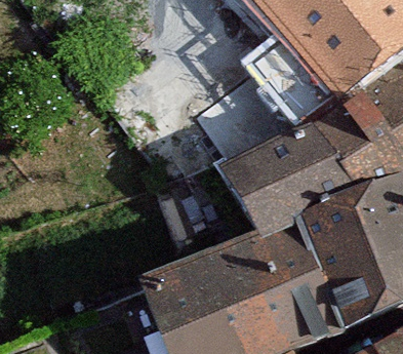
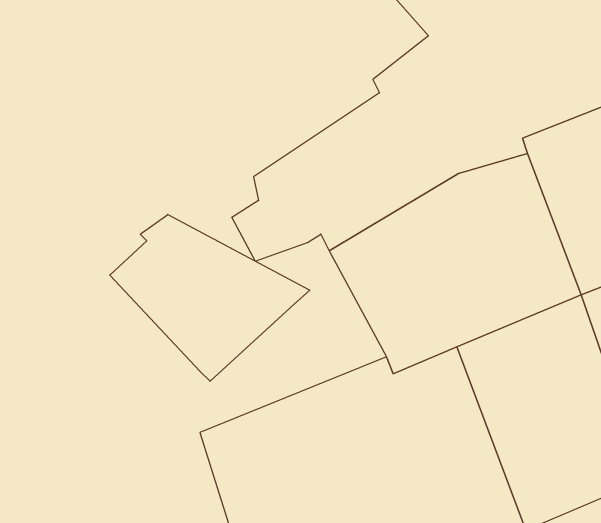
building: none -> [110,214,310,381]

